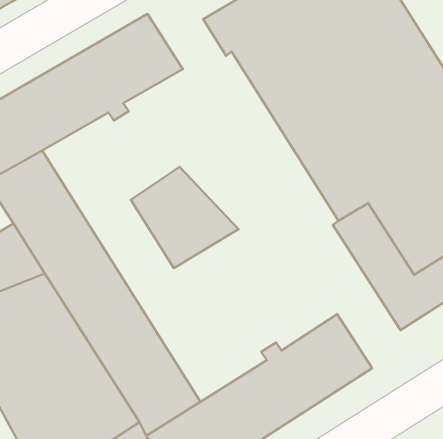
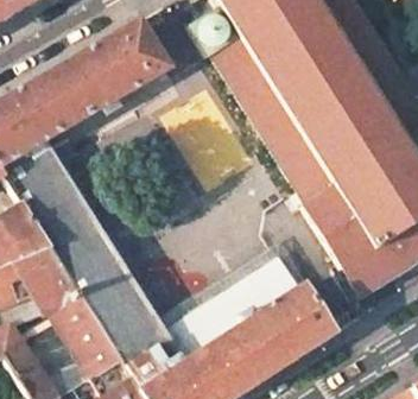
building: [131,167,238,268] -> none

